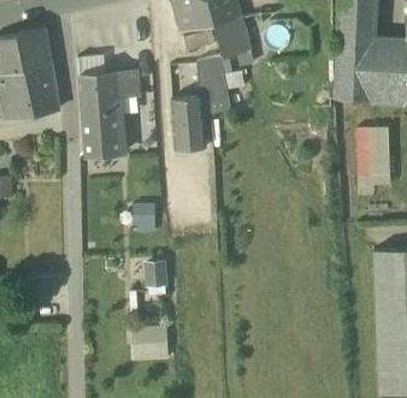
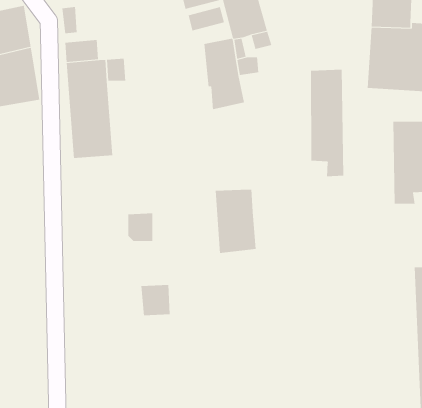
building: none -> [311,69,344,177]
building: [171,97,206,152] -> [215,189,256,253]
building: [135,327,173,360] -> none

